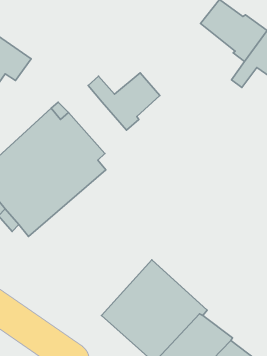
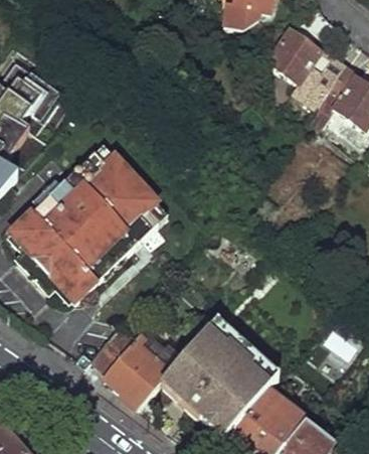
building: [88,73,160,130] -> none
building: none -> [94,327,176,410]

